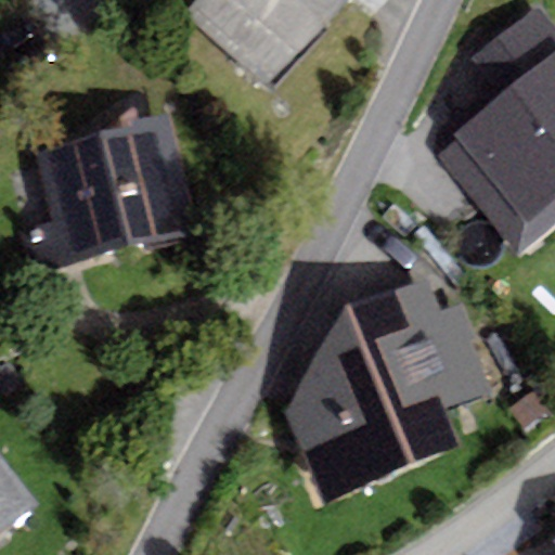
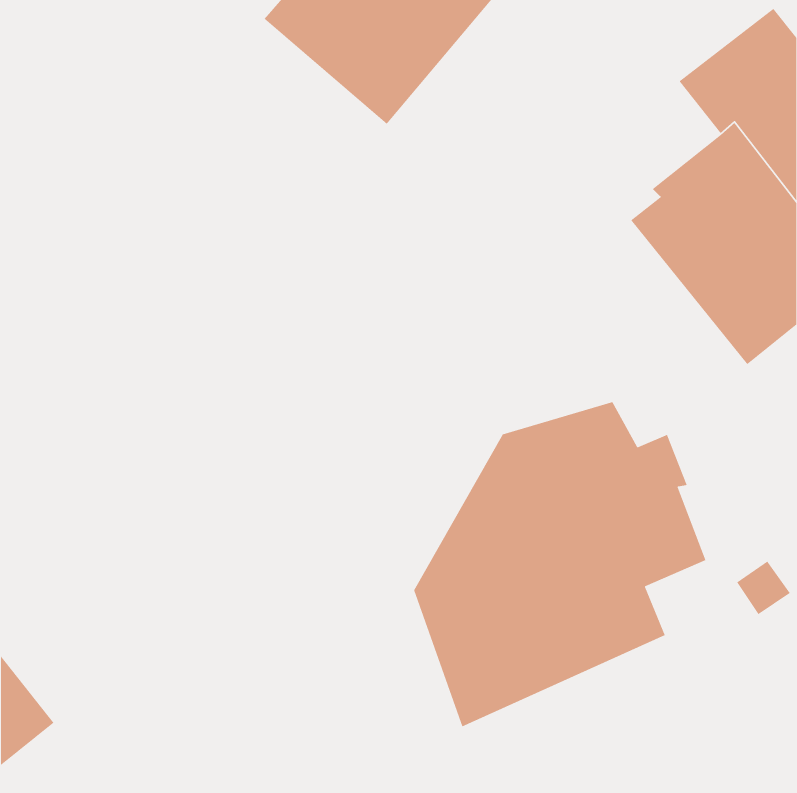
building: [21,109,204,266] -> none

